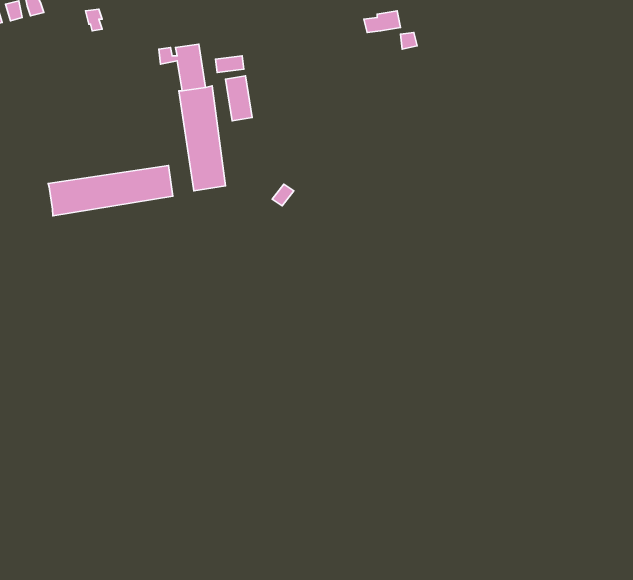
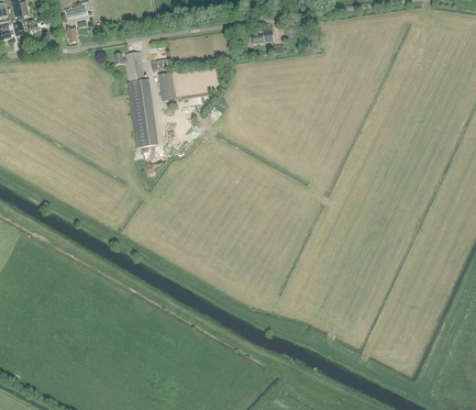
building: [48,166,173,216] -> none

